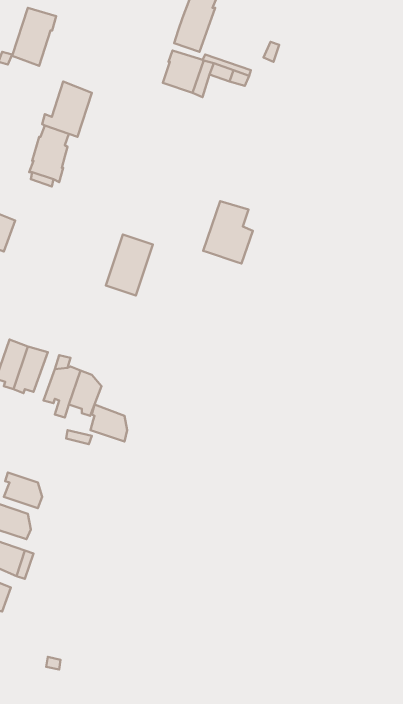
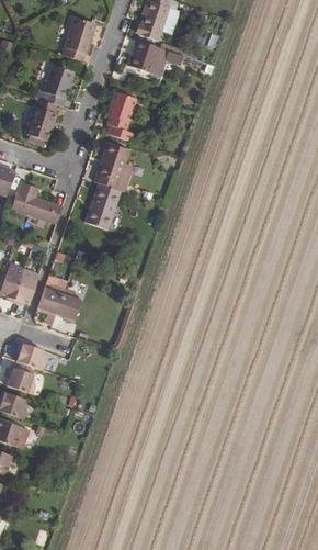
building: [12,8,56,66] -> [61,16,95,61]
building: none -> [106,91,136,141]
building: [203,201,253,263] -> [94,143,133,191]
building: none -> [11,182,63,224]
building: [90,405,127,441] -> [15,341,44,370]

